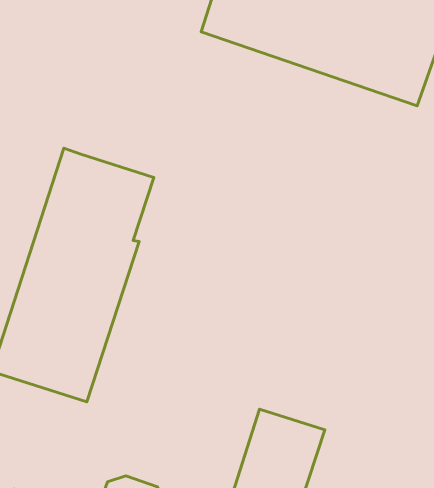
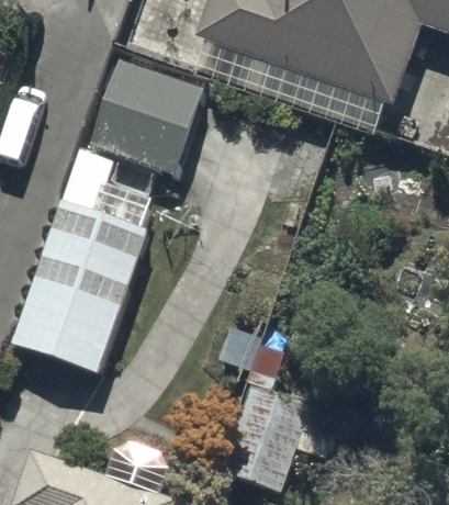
building: none -> [91,59,201,177]

